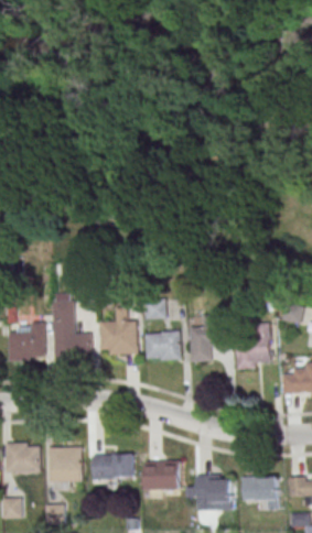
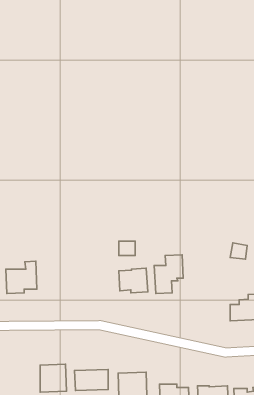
building: [52,302,93,362] -> none
building: [99,308,137,357] -> none
building: [235,325,269,371] -> none
building: [6,444,40,475] -> none

